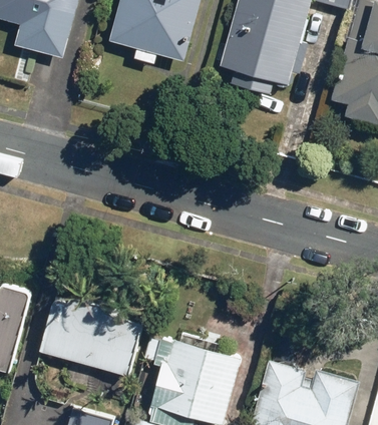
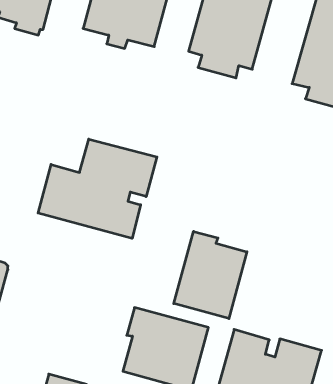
building: none -> [38,139,157,238]
building: none -> [174,231,247,319]
building: [38,295,143,376] -> none

